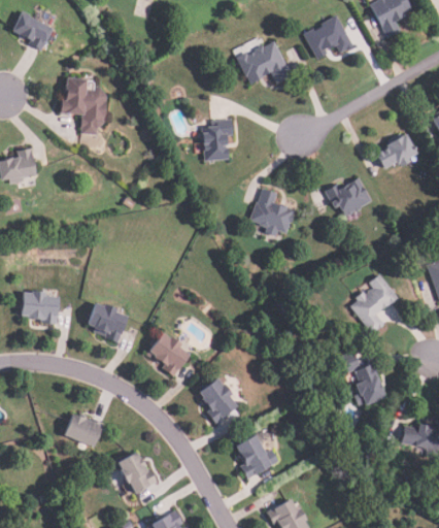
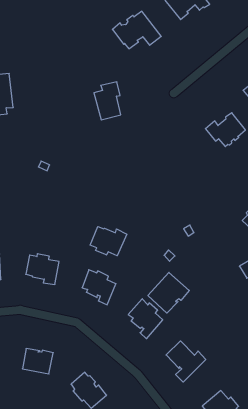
building: [249,187,294,235] -> none
building: none -> [90,227,127,256]
building: none -> [148,272,189,313]

